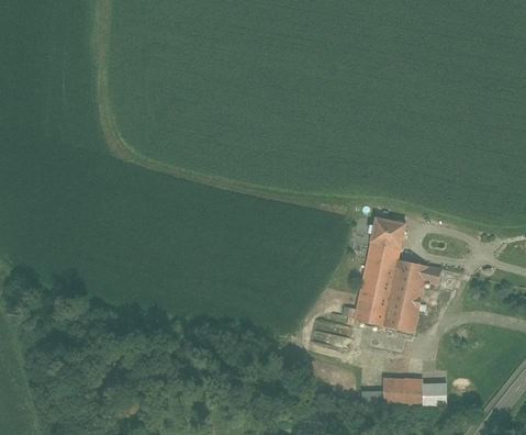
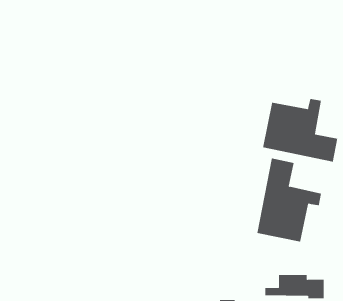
building: none -> [263,98,338,162]

